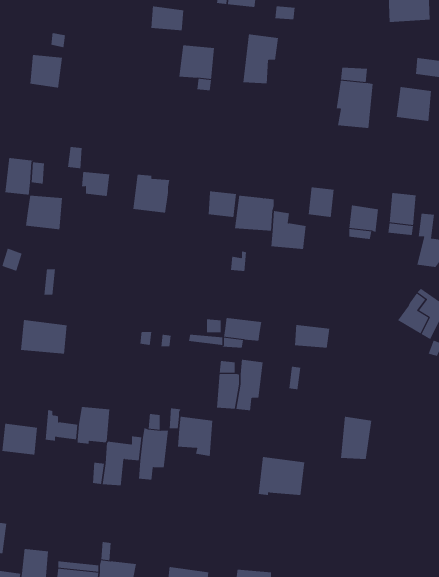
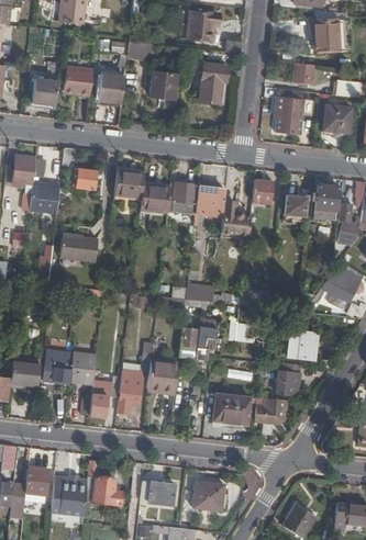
building: none -> [292,60,315,83]
building: none -> [64,64,92,94]
building: none -> [99,74,123,101]
building: none -> [140,185,169,212]
building: [20,319,68,354] -> [59,236,97,263]
building: none -> [289,329,315,358]
building: none -> [255,396,288,425]

